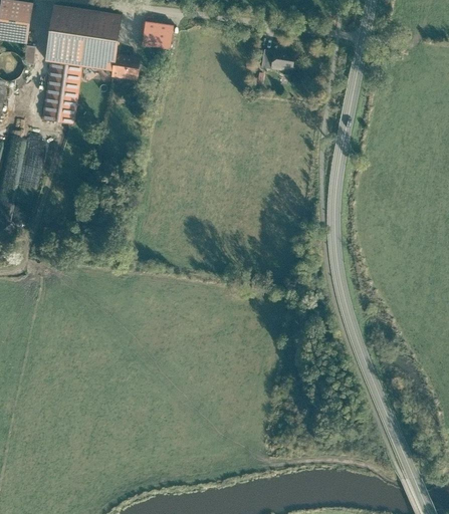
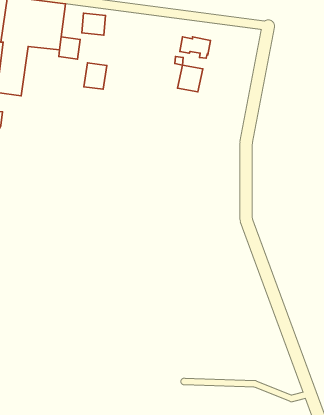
building: none -> [84,63,107,89]
building: none -> [177,65,203,92]

